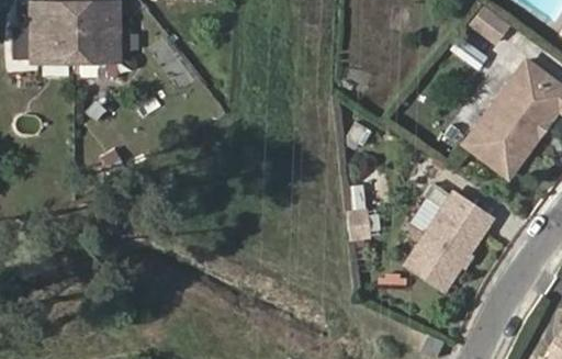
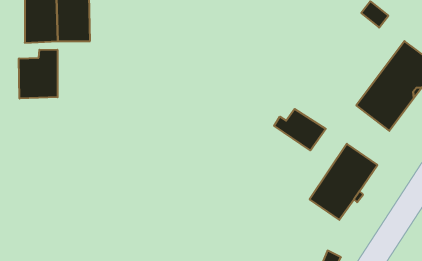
building: none -> [19,50,58,99]
building: none -> [274,109,326,150]

